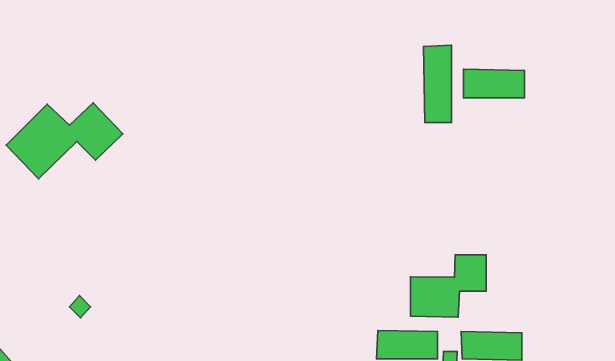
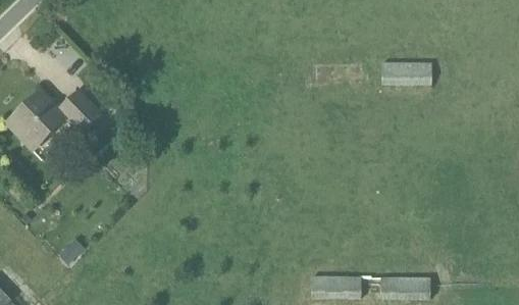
building: [423,45,451,123] -> none
building: [411,255,486,317] -> none

